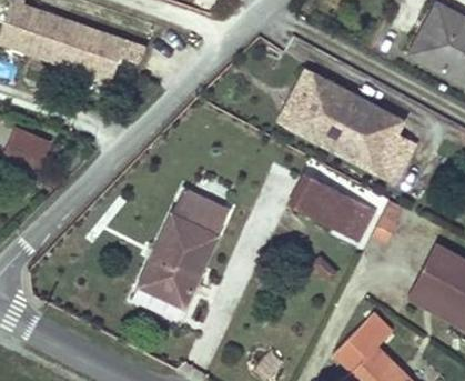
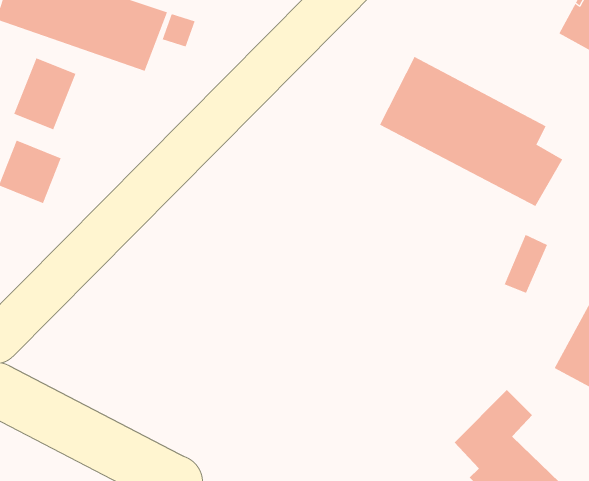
building: none -> [13,58,76,130]
building: [293,176,371,240] -> none
building: [139,187,231,307] -> none

